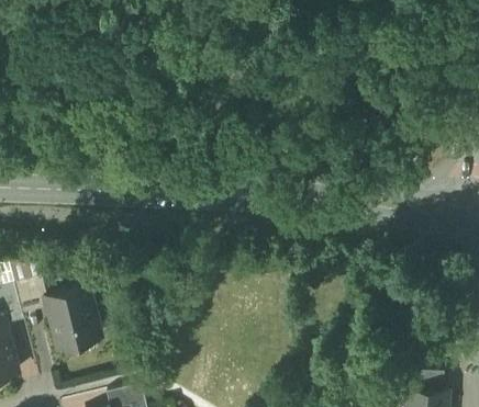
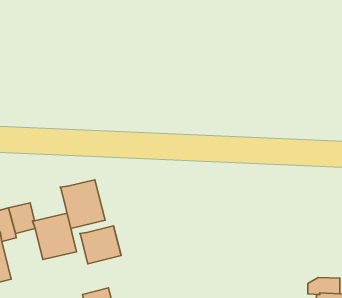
building: none -> [60,180,105,229]
building: none -> [80,226,121,264]

